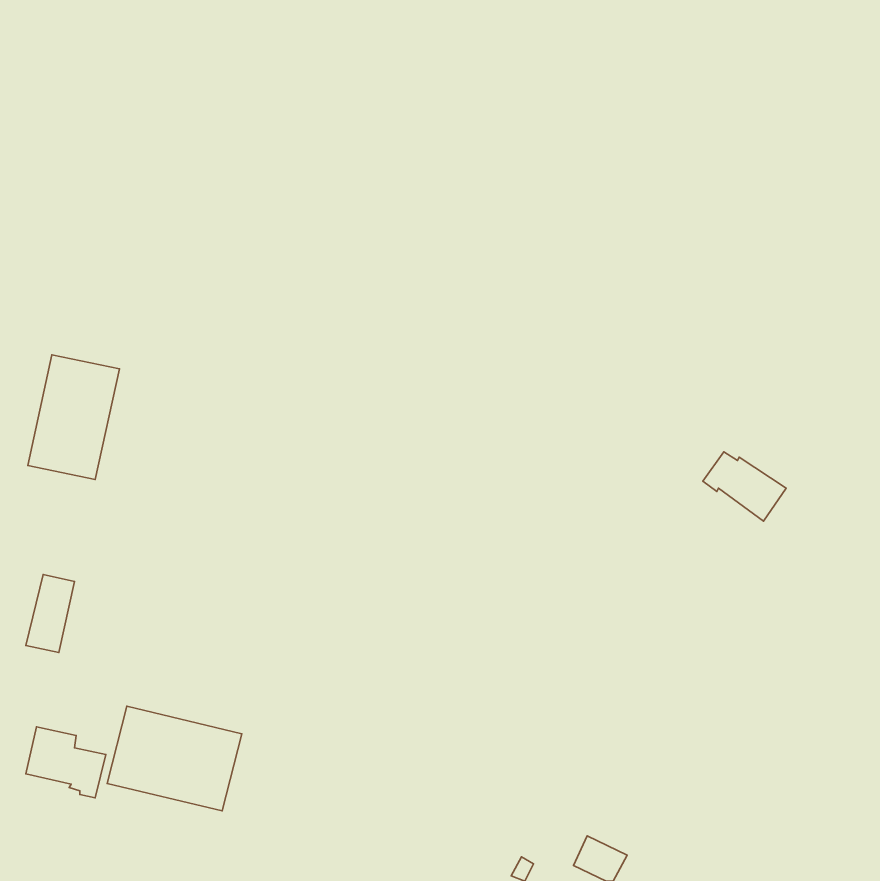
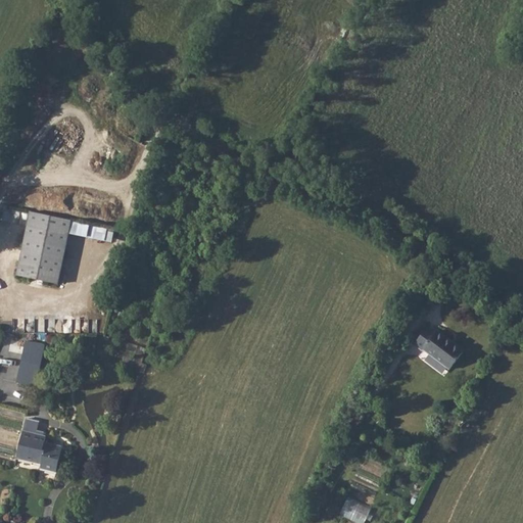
building: [703,452,786,521] -> [412,331,461,372]
building: [107,706,242,811] -> none

